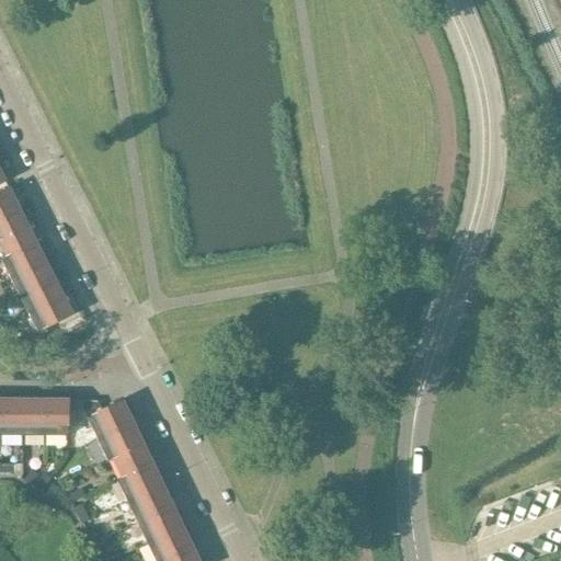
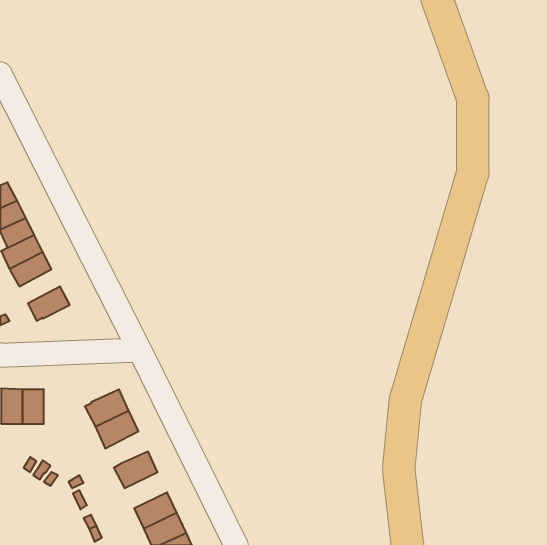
building: [21,275,62,310] -> none
building: [46,398,76,433] -> none
building: [115,440,152,473] -> none
building: [128,482,172,519] -> none

